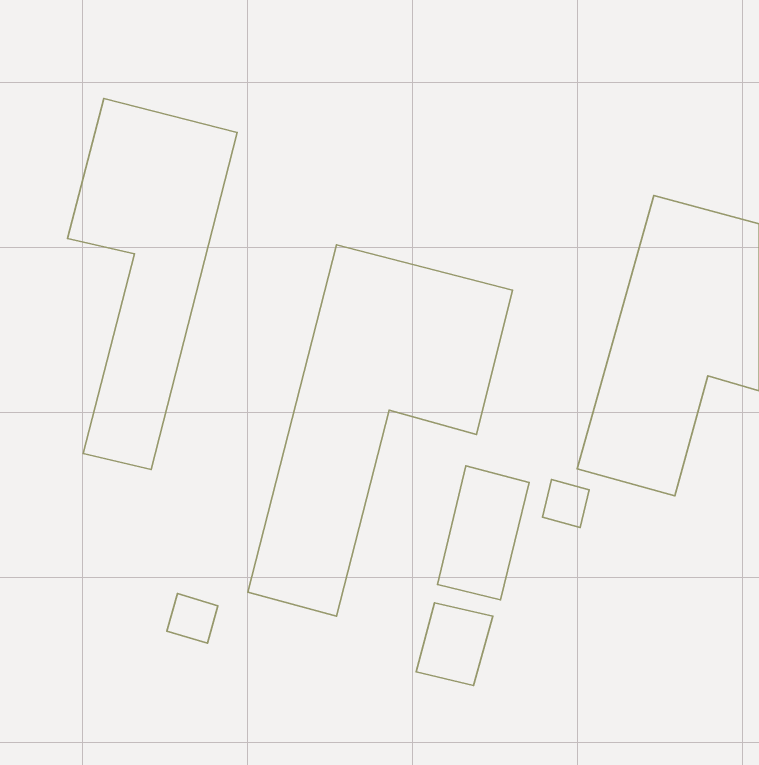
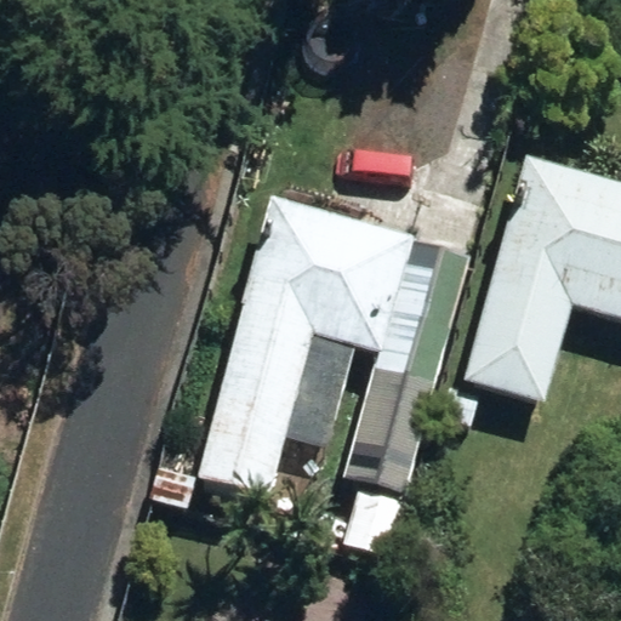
building: [68,99,237,470] -> none

